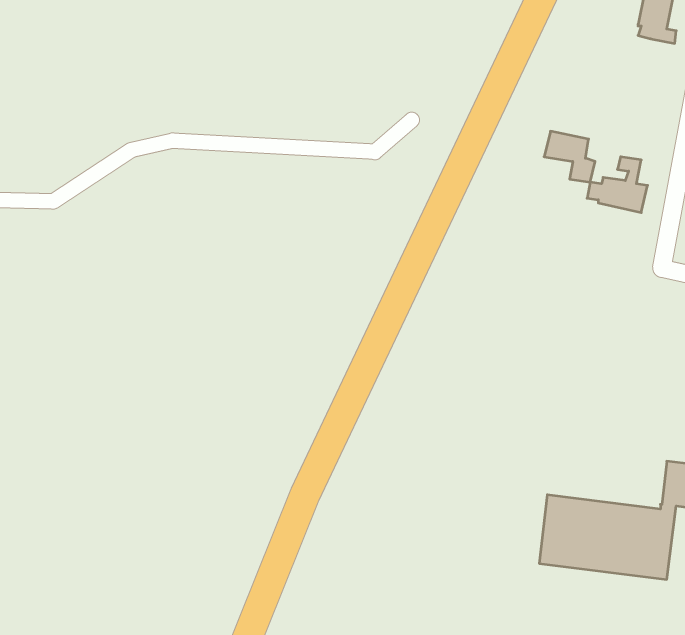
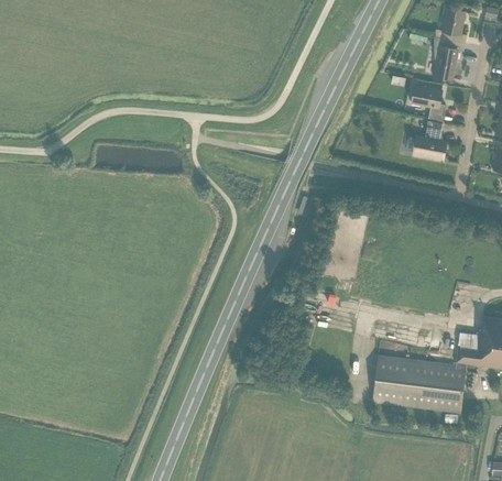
building: none -> [433,35,467,77]
building: [544,131,595,182] -> [412,84,447,119]

